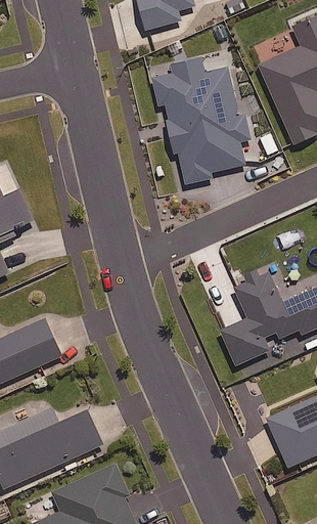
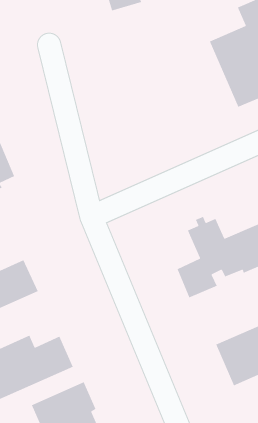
building: [152,61,250,184] -> none

